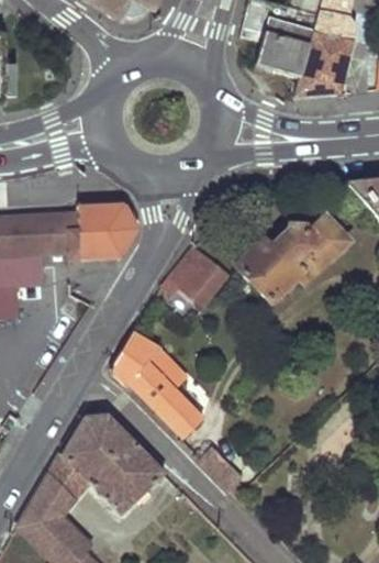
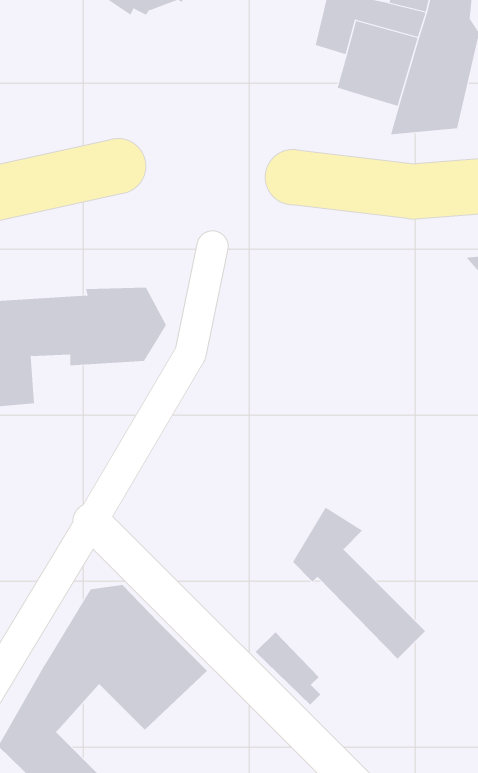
building: [235,216,347,300] -> none
building: [163,244,228,305] -> none
building: [111,331,204,438] -> [292,507,426,659]

